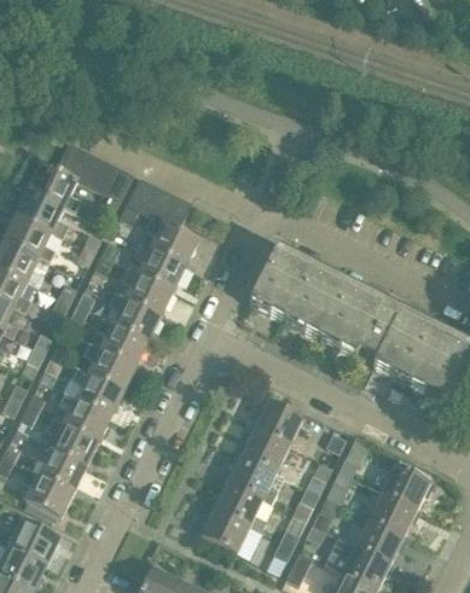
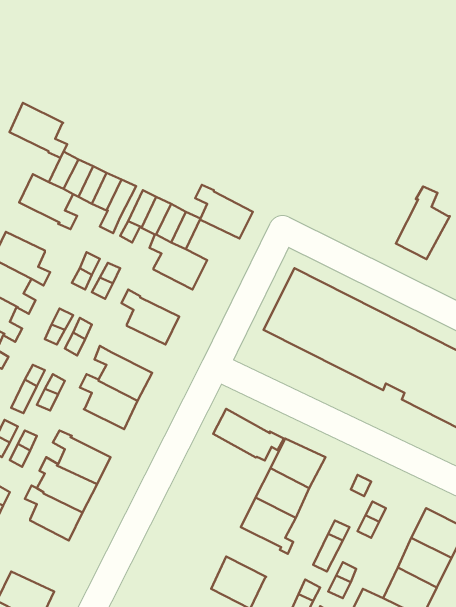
building: none -> [396,186,450,259]
building: [17,187,69,237] -> [9,103,67,158]
building: [133,242,185,290] -> [195,185,253,239]
building: [103,289,161,341] -> none
building: [71,367,123,417] -> none
building: none -> [213,409,284,460]
building: [22,467,74,517] -> none
building: [215,479,265,530] -> none

